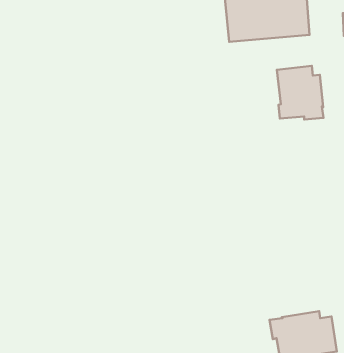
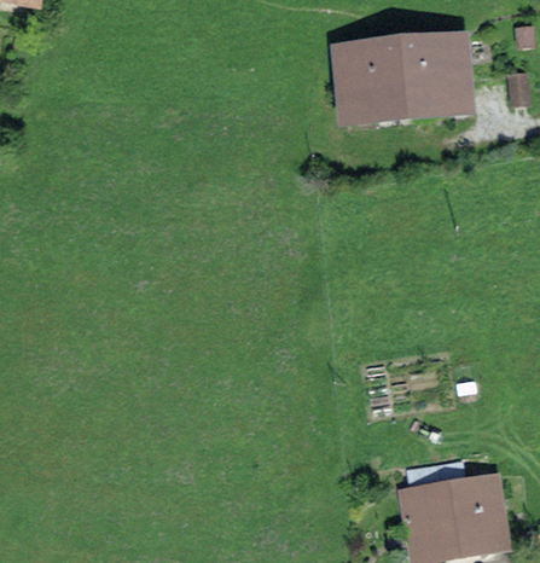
building: [277,66,323,119] -> none

